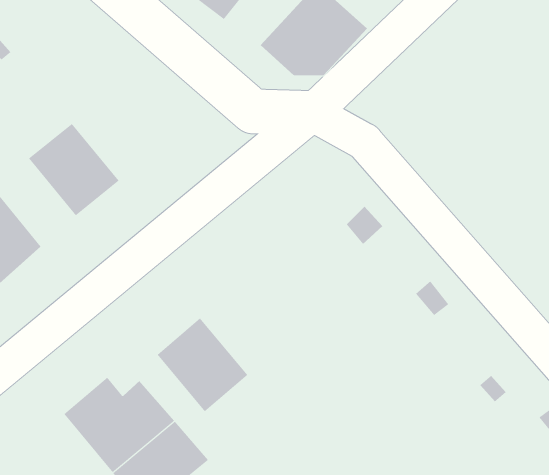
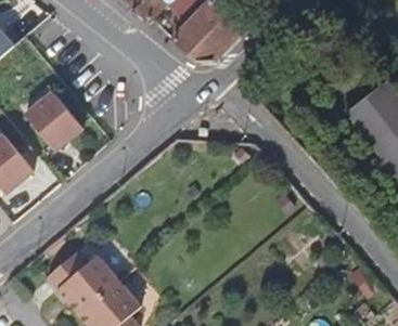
building: [157,318,248,412] -> none

